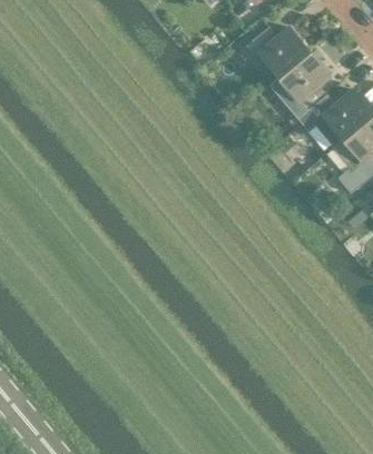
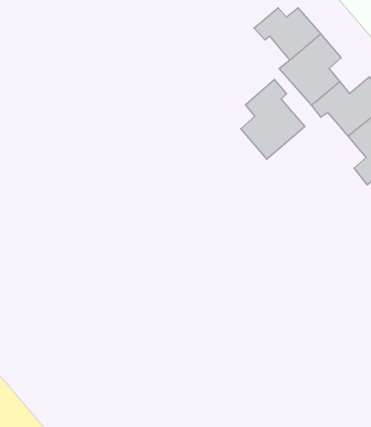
building: none -> [241,80,305,159]

